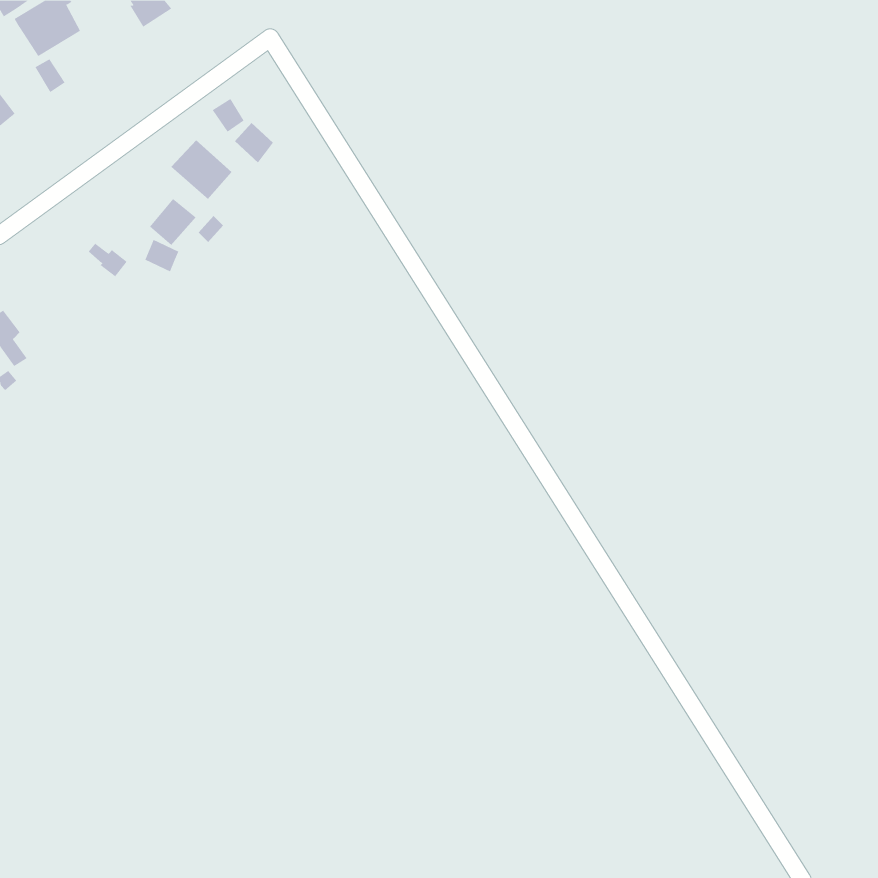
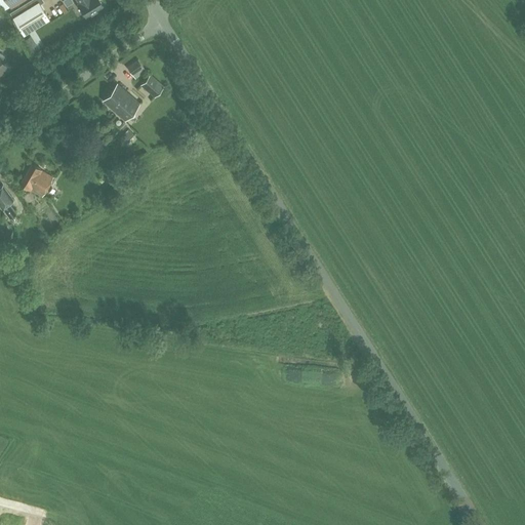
building: [149,198,197,246] -> none
building: none -> [18,164,52,197]

